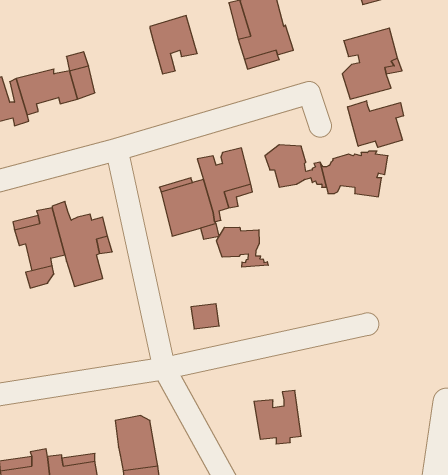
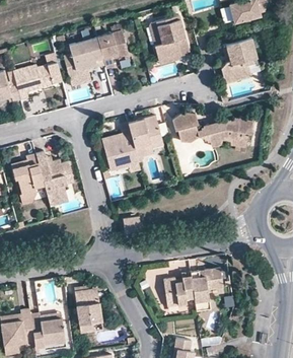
building: none -> [64,39,104,78]
building: [348,101,403,147] -> none
building: [216,227,268,267] -> none
building: none -> [191,268,224,311]

